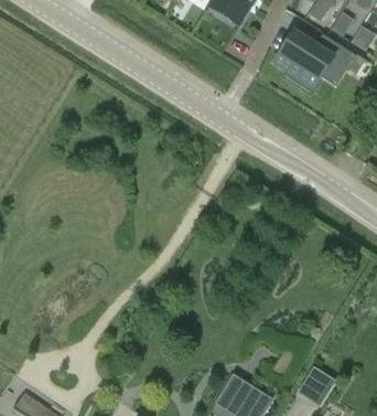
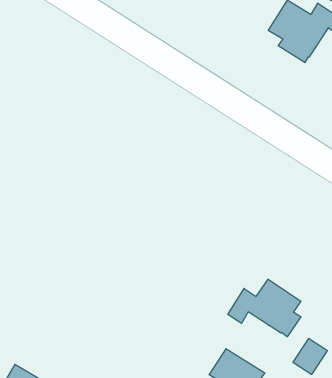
building: none -> [228,279,301,337]

